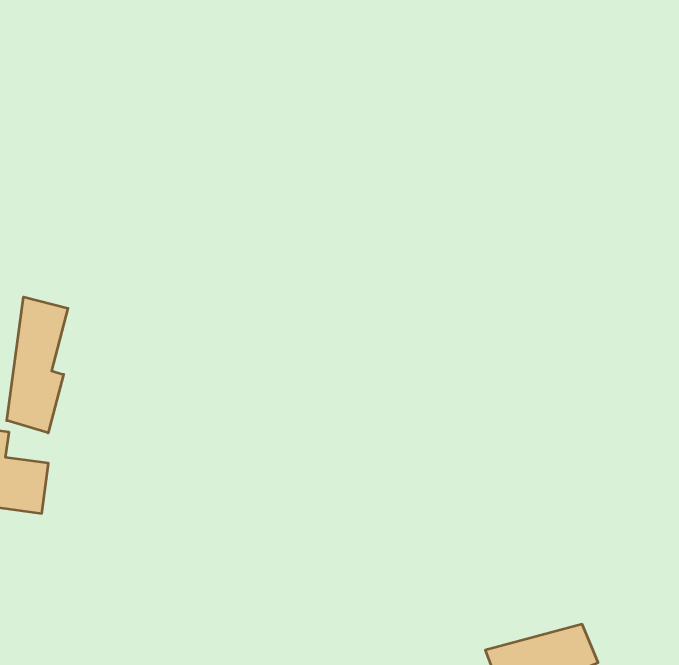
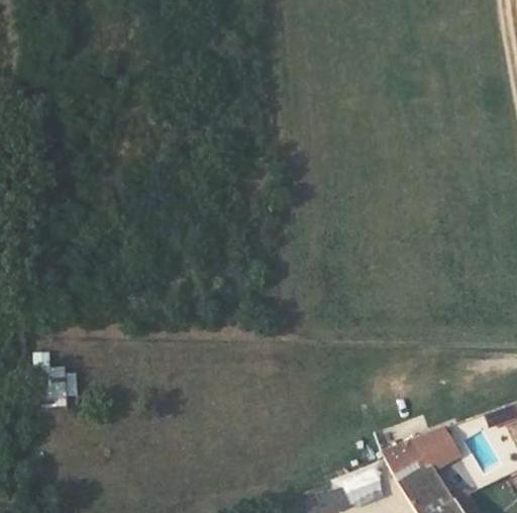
building: [7,297,68,433] -> none

